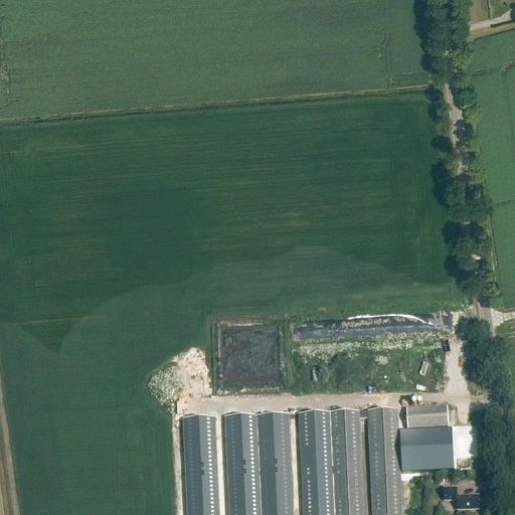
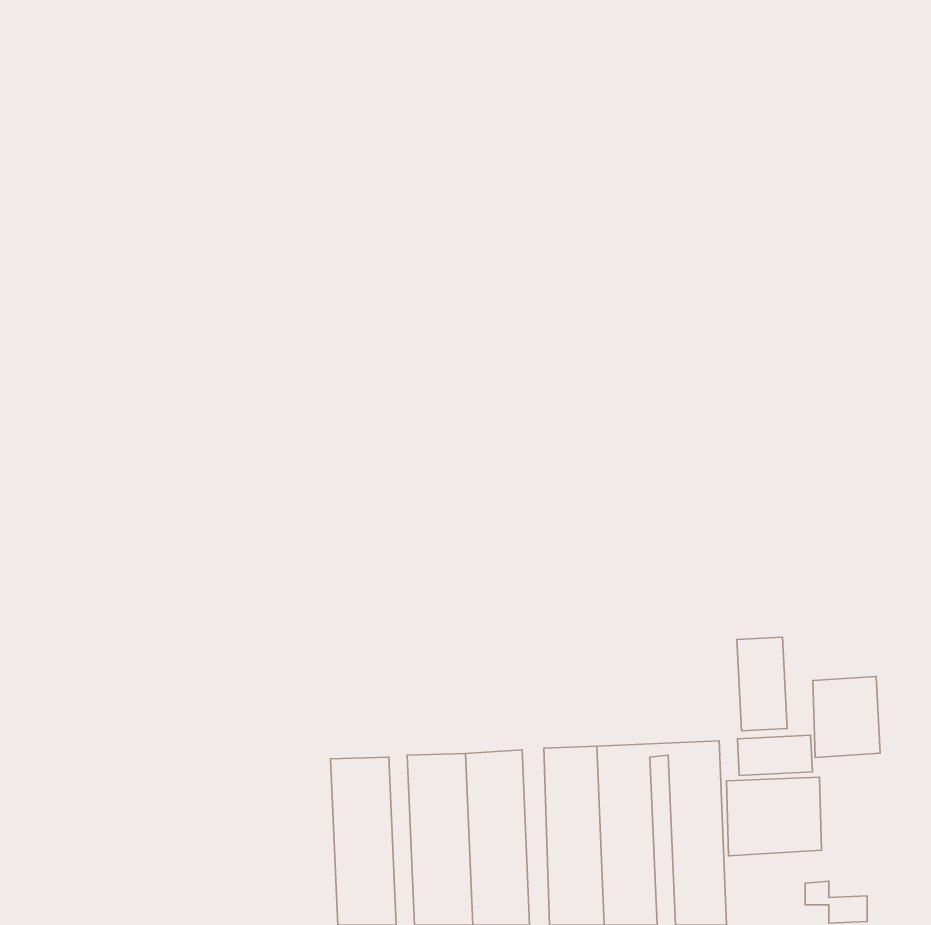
building: none -> [737,637,787,731]
building: none -> [813,677,880,757]

